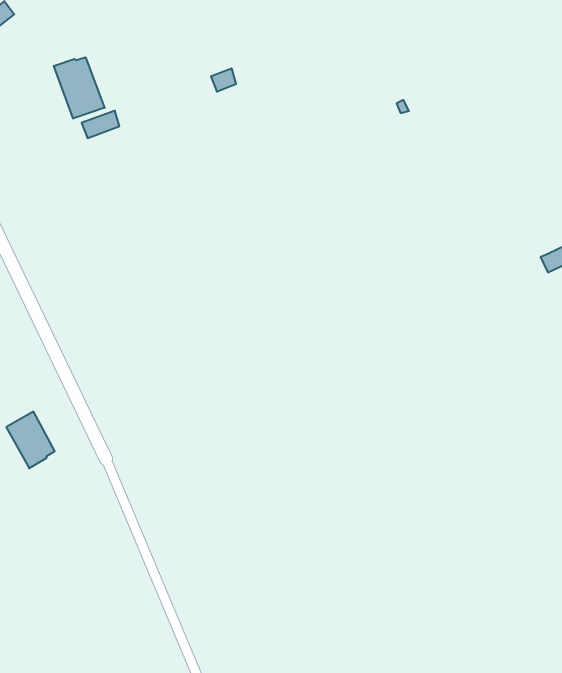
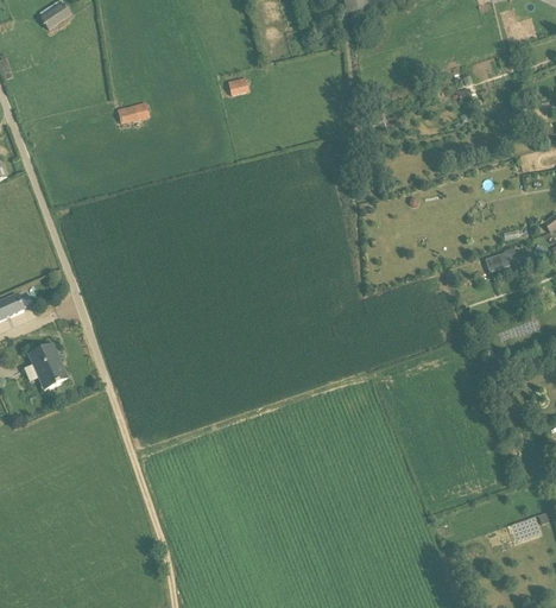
building: [54,57,105,119] -> none

